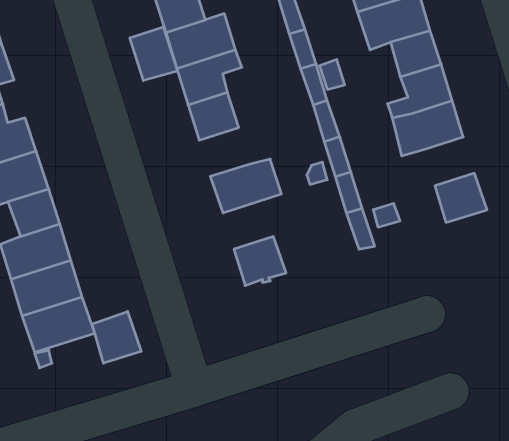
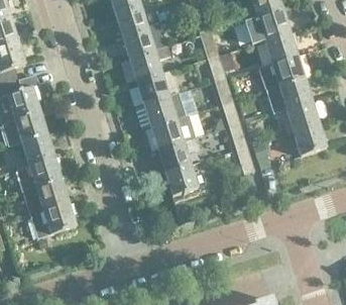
building: [130,27,178,81] -> none
building: none -> [142,93,176,124]
building: none -> [285,99,318,130]
building: none -> [157,135,199,171]
building: [92,311,141,363] -> none

